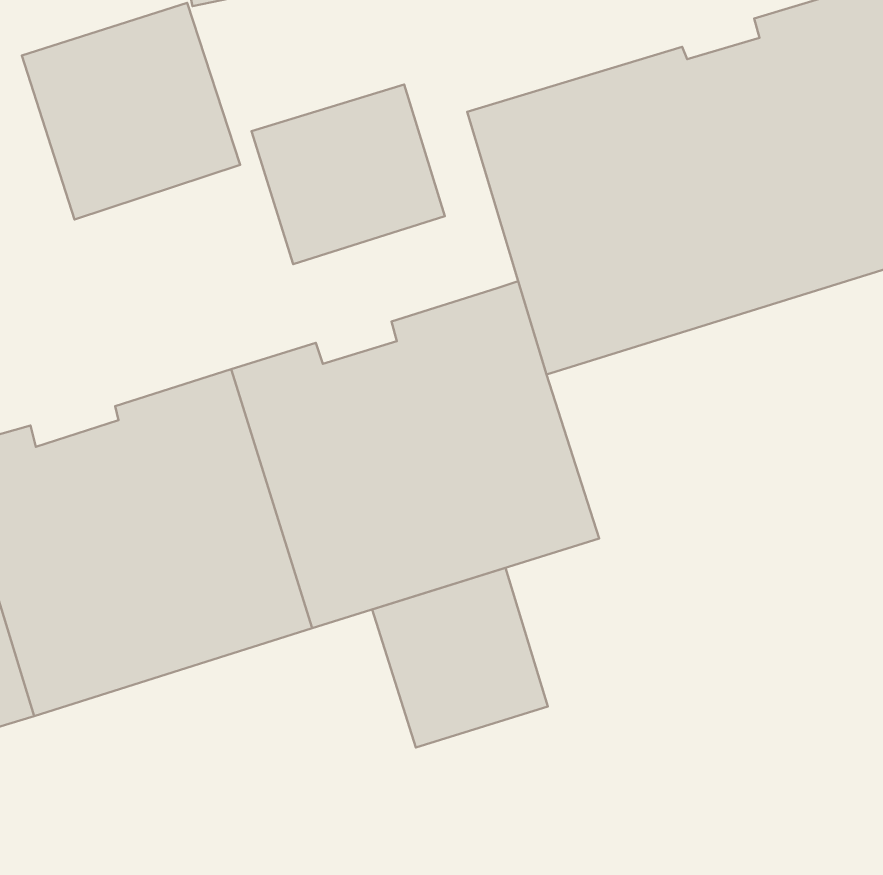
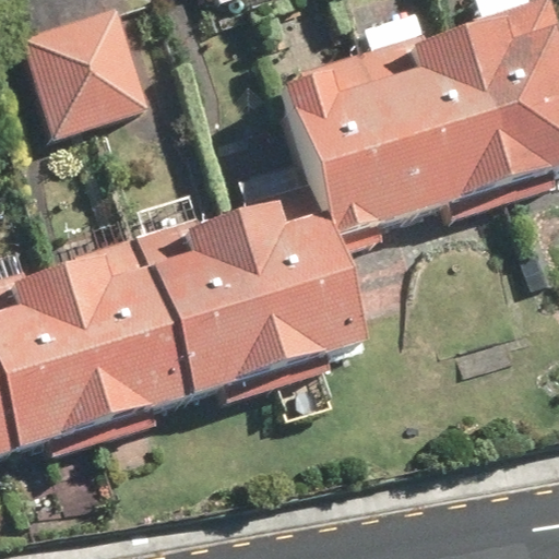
building: [252,84,445,264] -> none
building: [372,568,548,748] -> none

